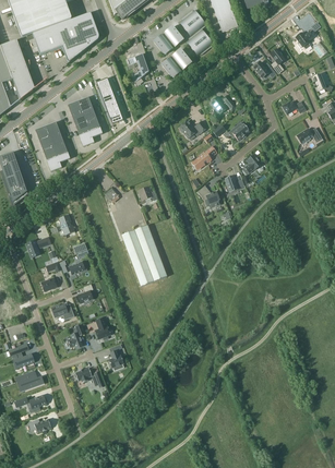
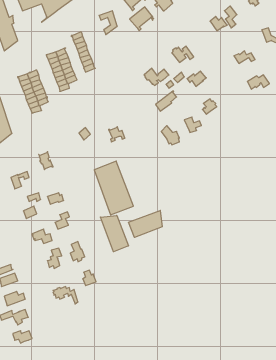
building: none -> [129,210,162,237]
building: none -> [100,215,128,252]

